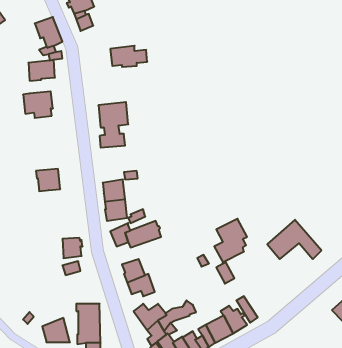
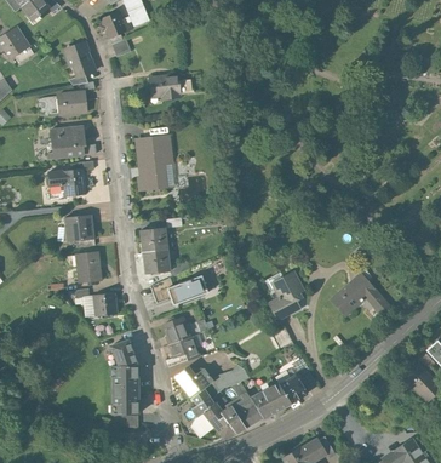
building: none -> [47,167,84,198]
building: none -> [75,252,99,281]
building: [42,318,70,342] -> [105,341,137,368]

